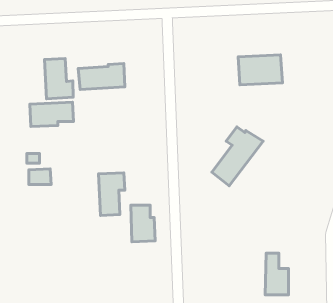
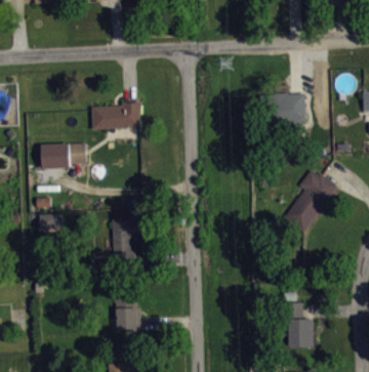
building: [45,59,73,99] -> none
building: [212,127,263,186] -> [284,170,338,233]
building: [131,205,155,242] -> [116,293,141,332]

